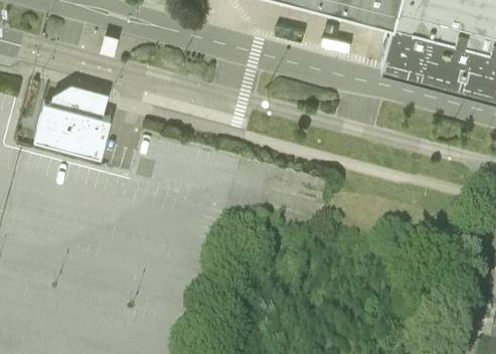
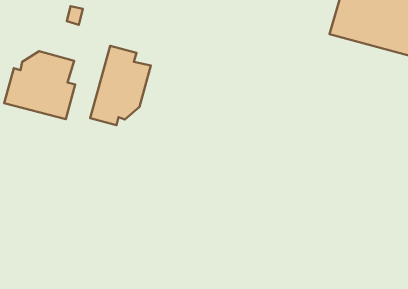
building: none -> [90,46,151,125]

